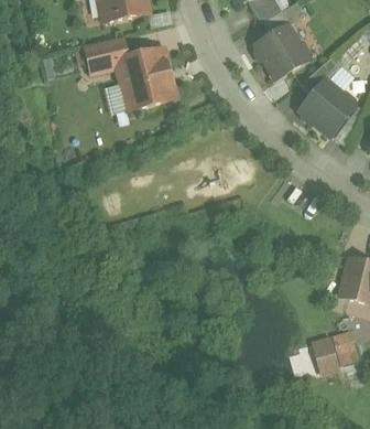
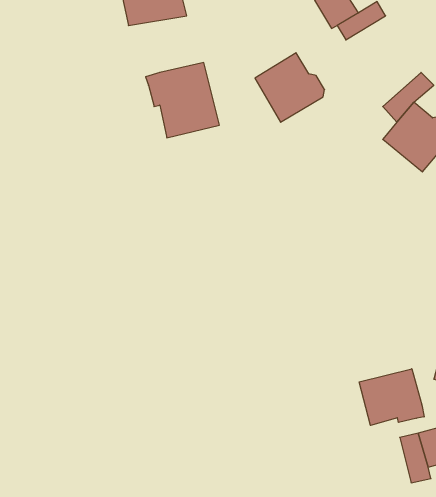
building: [254,25,308,79] -> [255,53,325,122]
building: [84,36,127,74] -> none
building: none -> [359,369,424,425]

